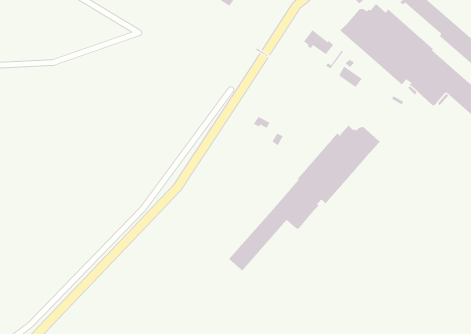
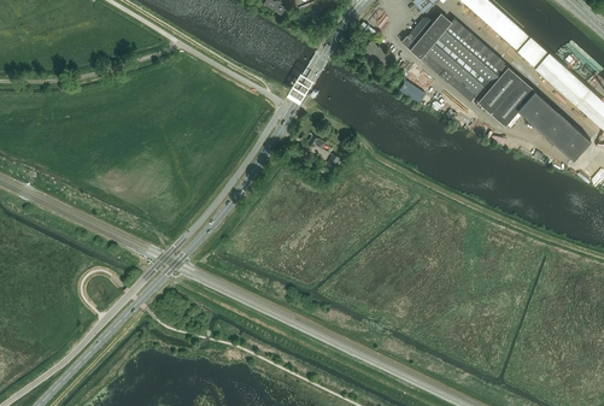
building: [228,125,381,272] -> none

